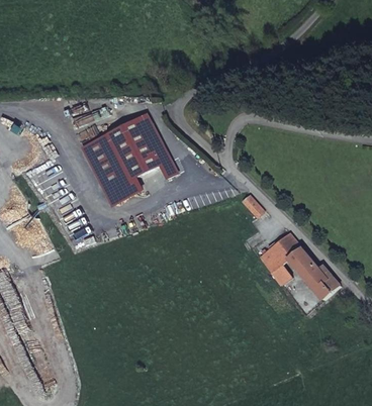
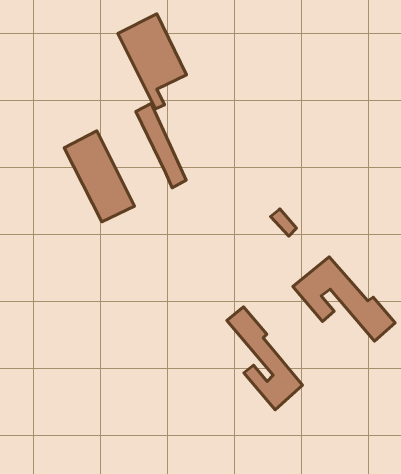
building: [105,118,159,192] -> [118,14,187,109]
building: none -> [227,307,303,410]

